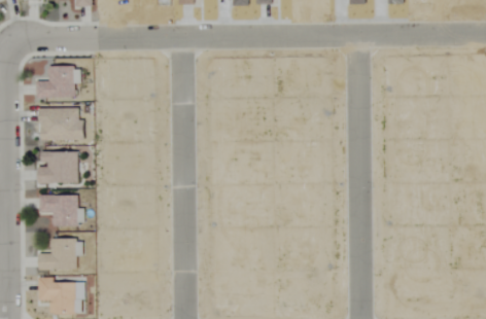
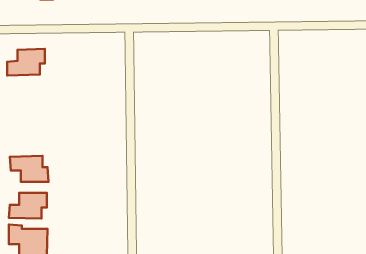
building: [38,107,83,141] -> none
building: [37,151,78,183] -> none

